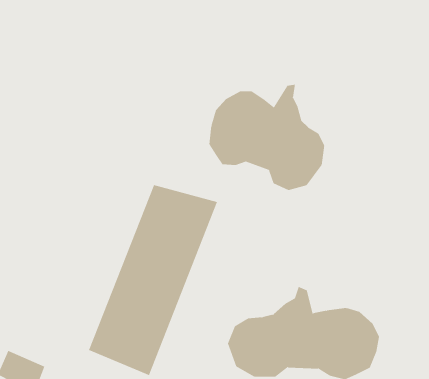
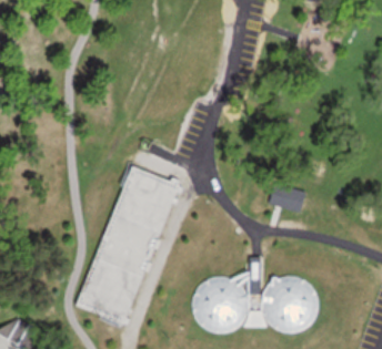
building: [209,84,325,191] -> none
building: none -> [269,184,299,212]

